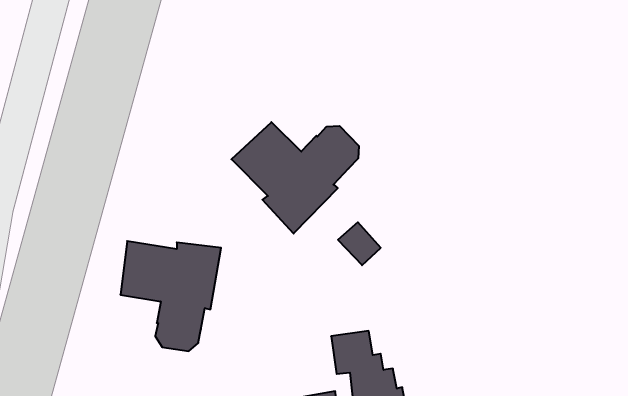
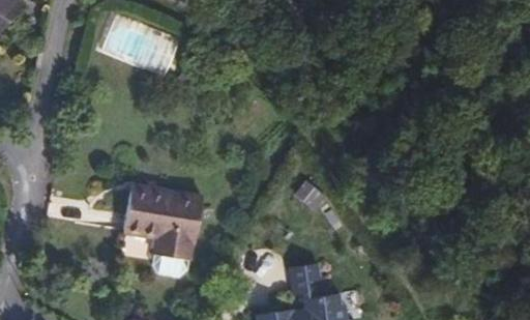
building: [231,122,359,234] -> none

